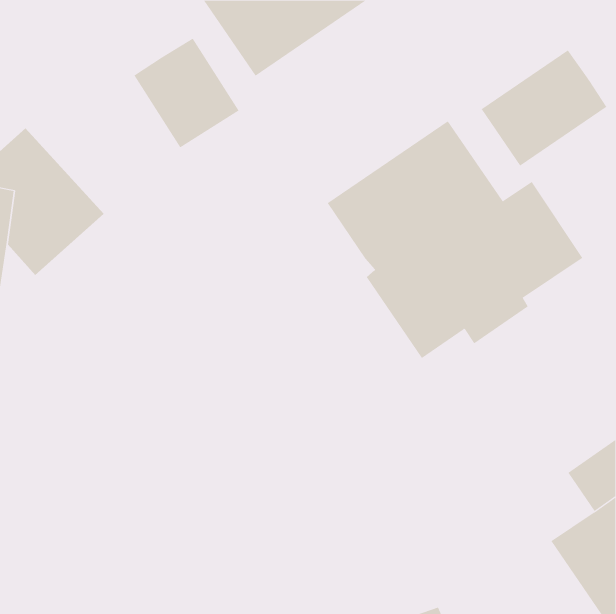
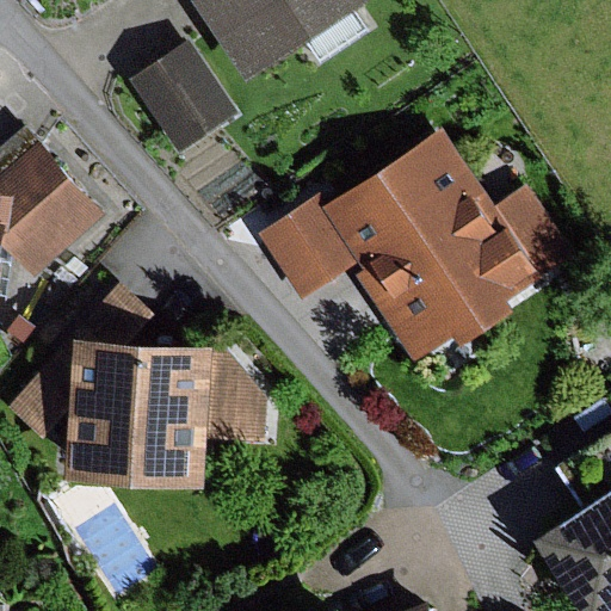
building: [481,50,607,166] -> none
building: none -> [257,196,358,301]
building: none -> [10,288,267,483]

